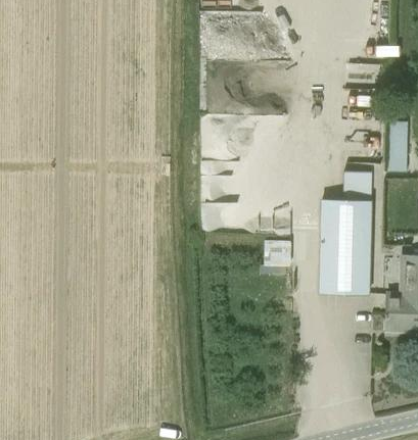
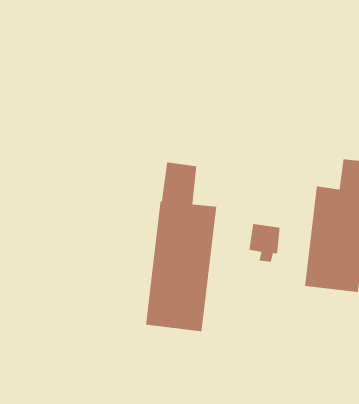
building: none -> [145,161,217,332]

